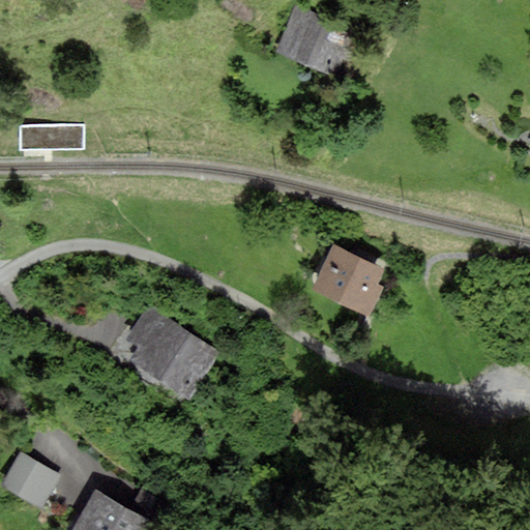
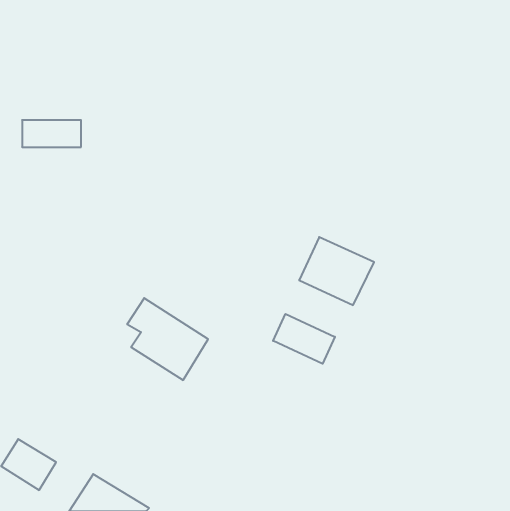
building: [278,7,353,75] -> none
building: none -> [273,314,335,364]

